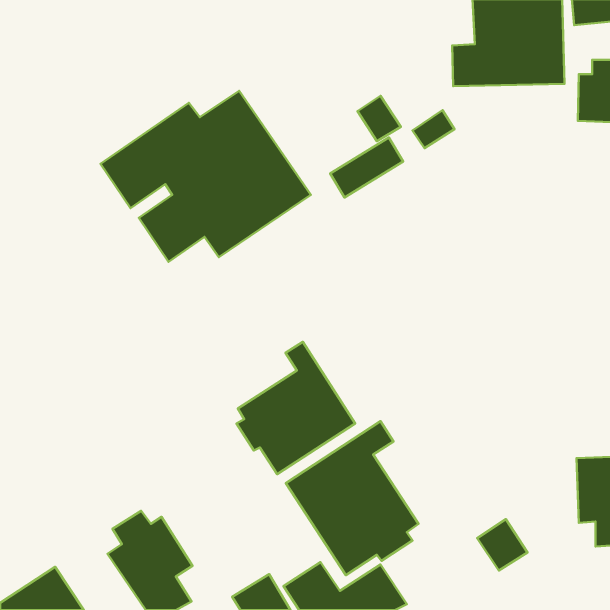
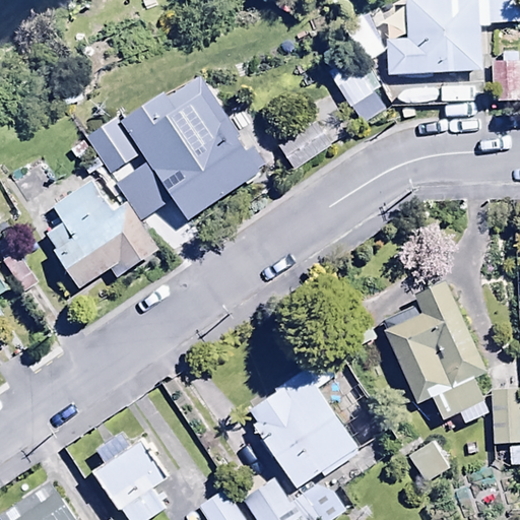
building: none -> [43,181,160,289]
building: none -> [383,279,486,419]
building: [237,342,355,474] -> none

